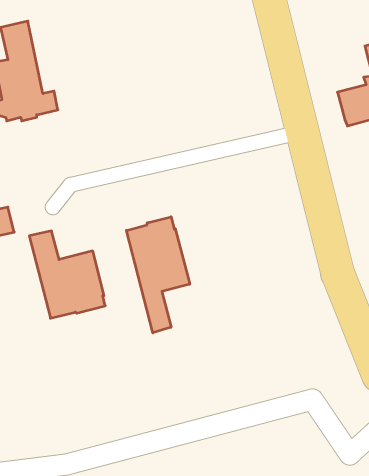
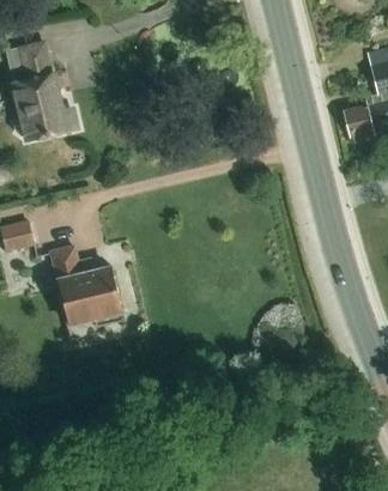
building: [126,217,190,333] -> none

